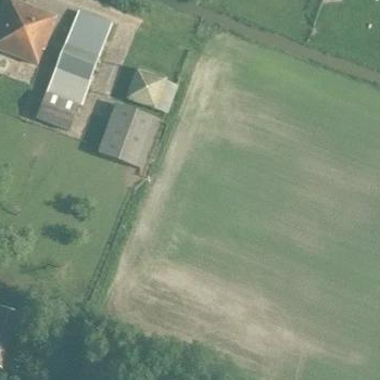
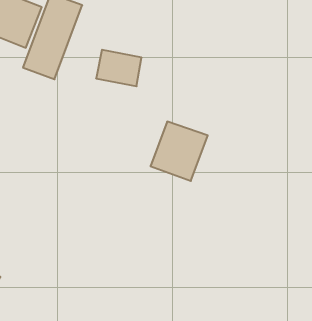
building: [37,92,75,124] -> none
building: [94,102,157,167] -> [150,122,208,181]

